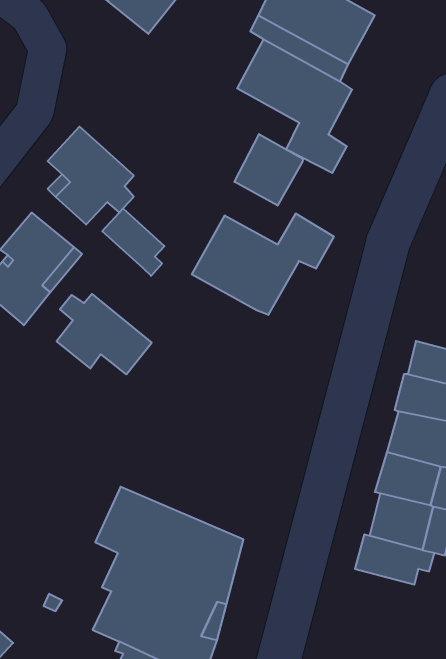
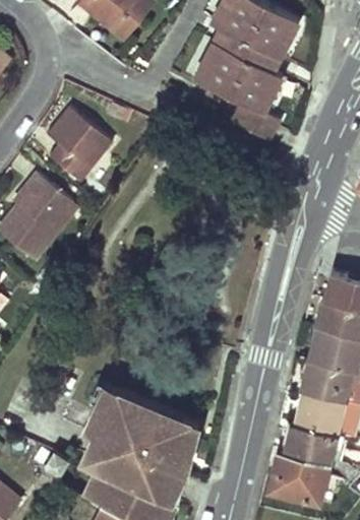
building: [234,134,303,206] -> none
building: [102,208,164,276] -> none
building: [192,213,334,315] -> none
building: [57,294,152,374] -> none
building: none -> [274,448,331,501]

